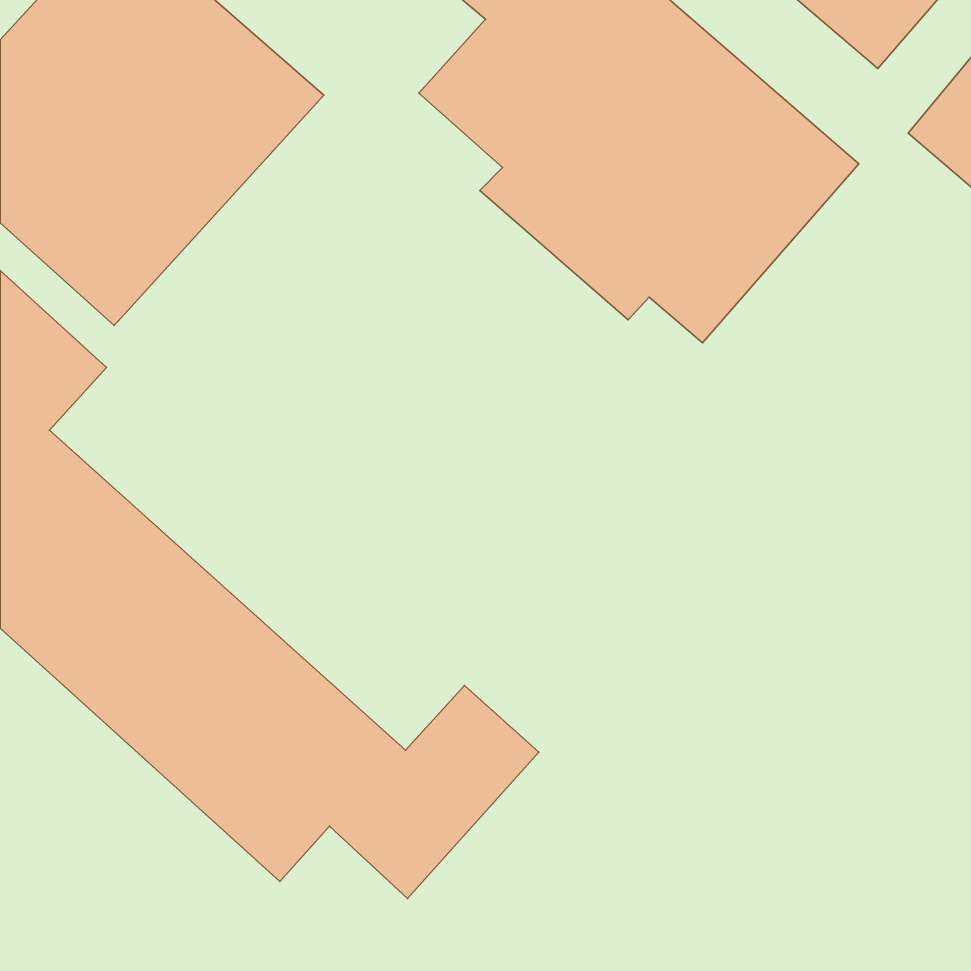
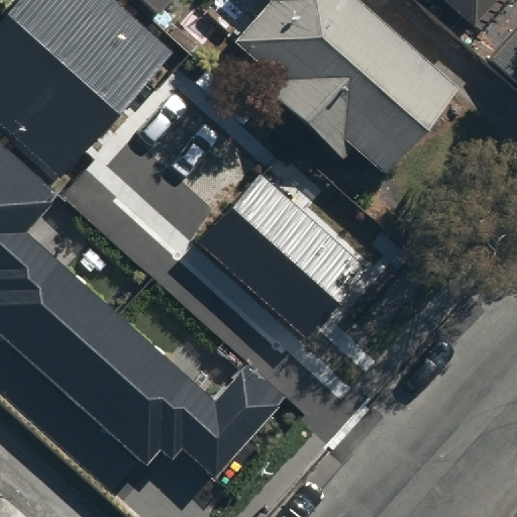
building: none -> [202,173,367,334]

